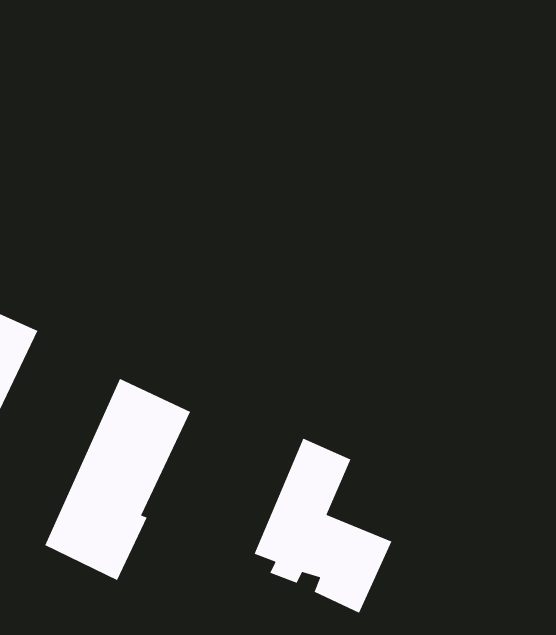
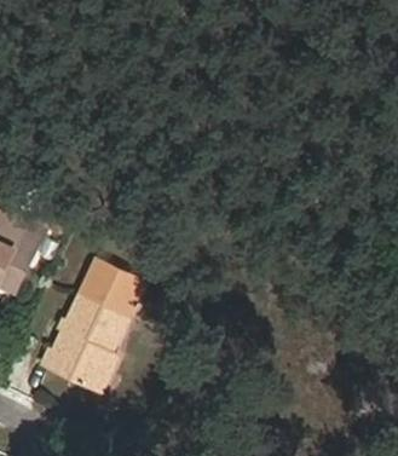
building: [253,438,393,614] -> none

